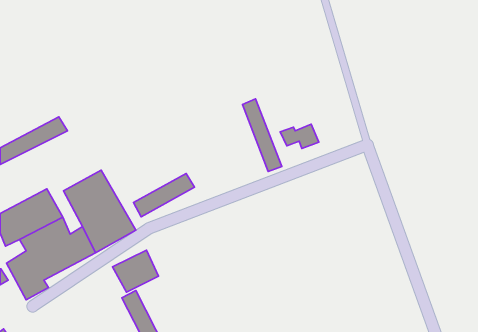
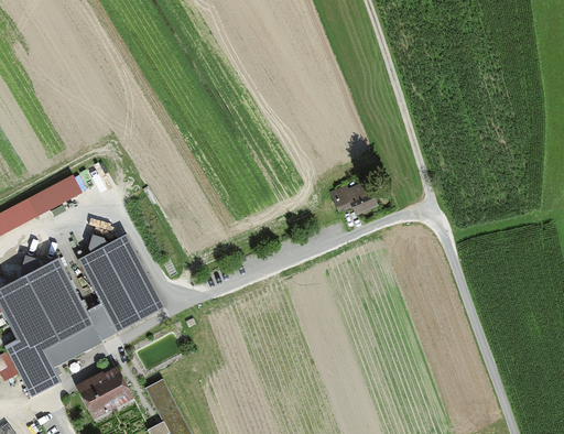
building: [242,99,282,172] -> none
building: [134,174,194,217] -> none
building: [113,250,159,292] -> [77,367,131,416]

